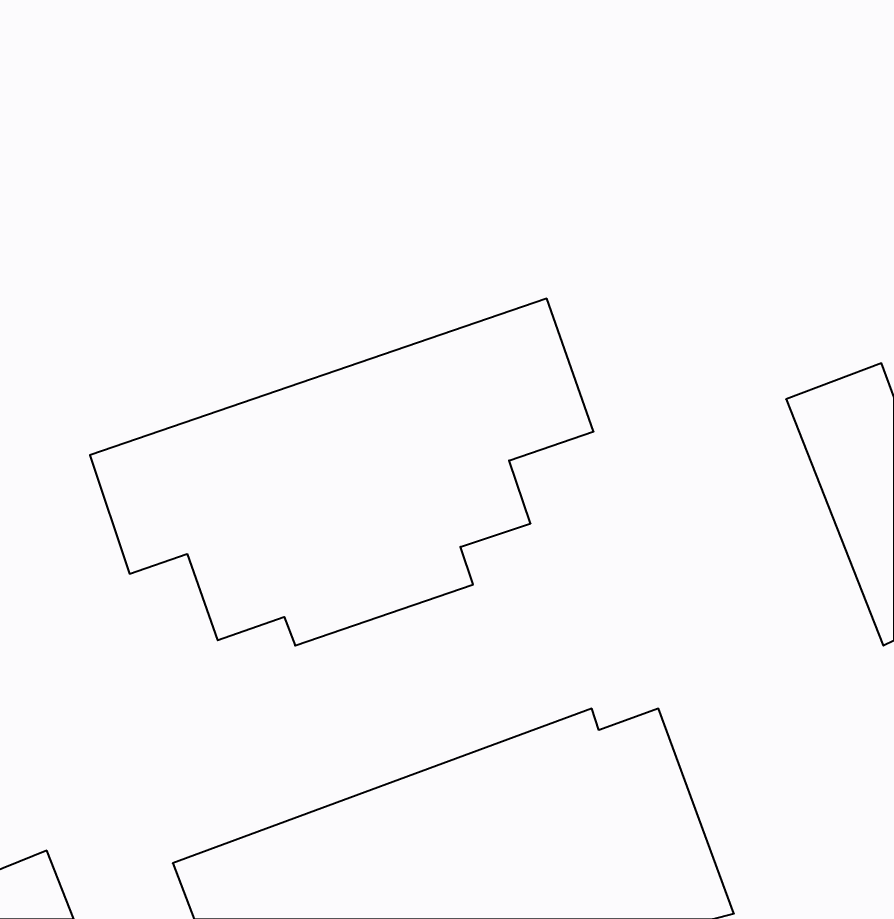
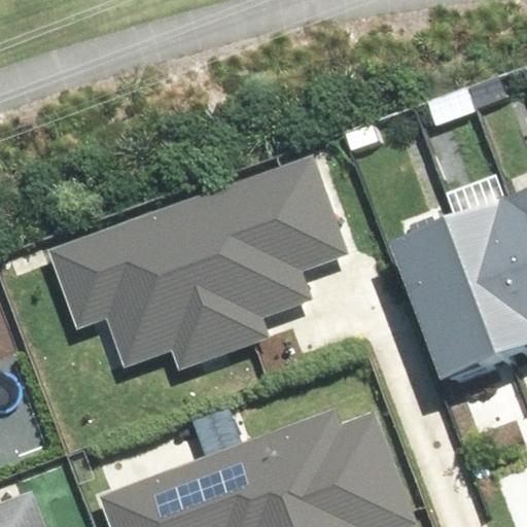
building: none -> [395,229,505,391]

